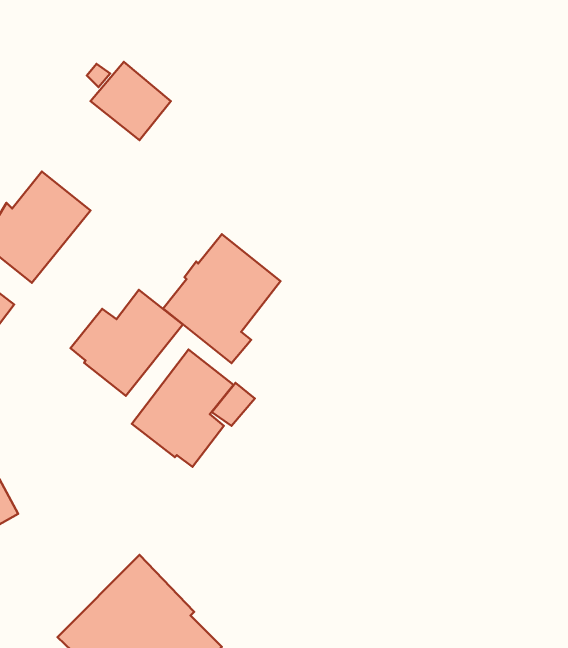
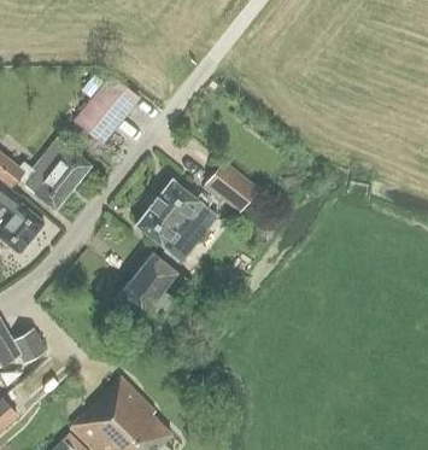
building: none -> [75,98,122,142]
building: none -> [206,162,258,212]
building: [71,290,183,396] -> none

